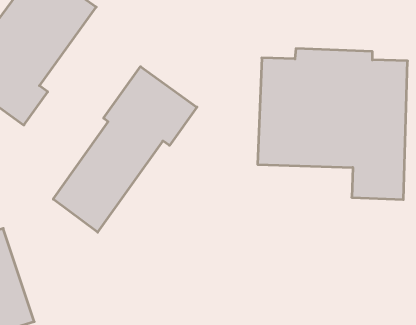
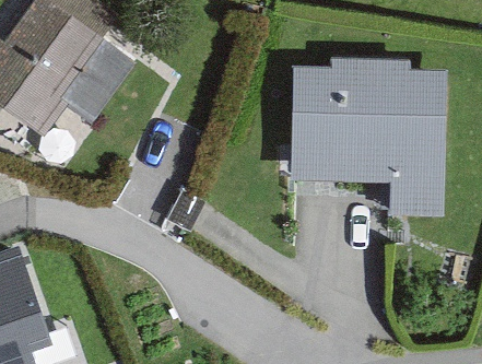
building: [53,67,197,232] -> none

